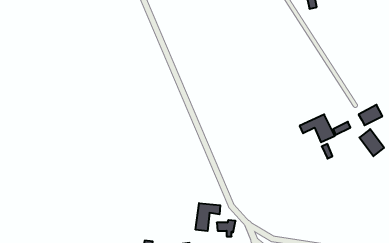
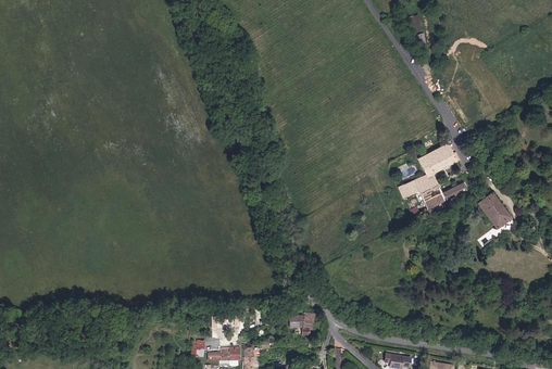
building: [359,105,382,125] -> [425,144,456,171]
building: [196,203,220,231] -> none

